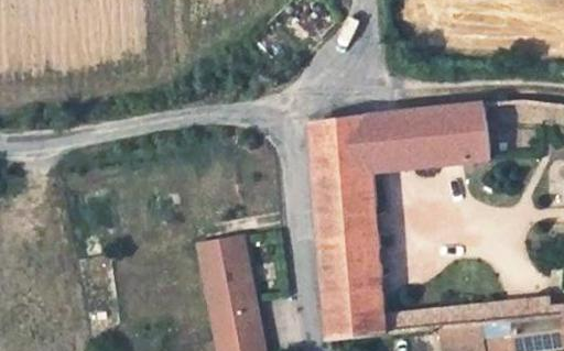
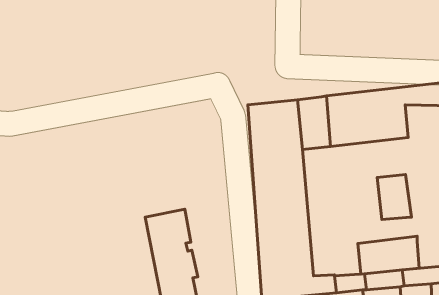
building: none -> [377,174,412,220]
building: none -> [358,236,419,274]

